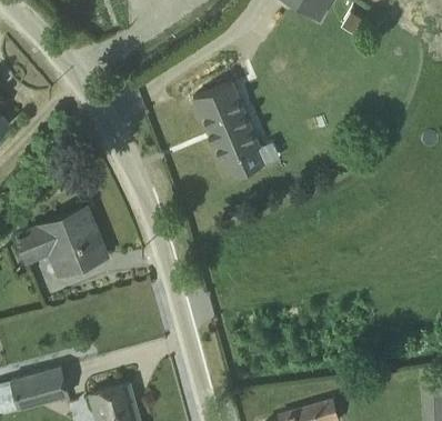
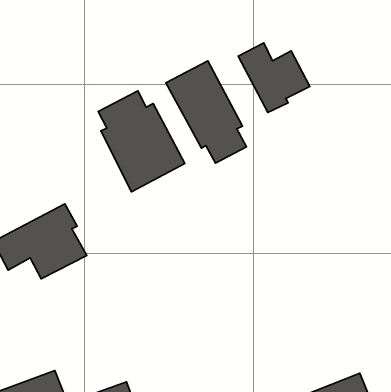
building: none -> [238,43,310,113]
building: none -> [98,91,185,192]

